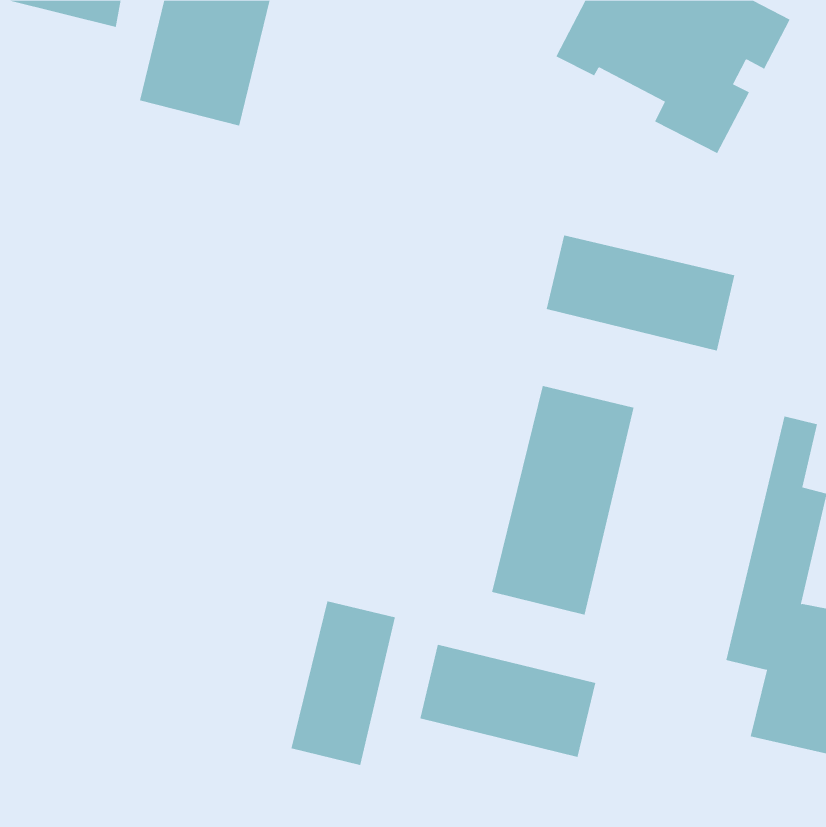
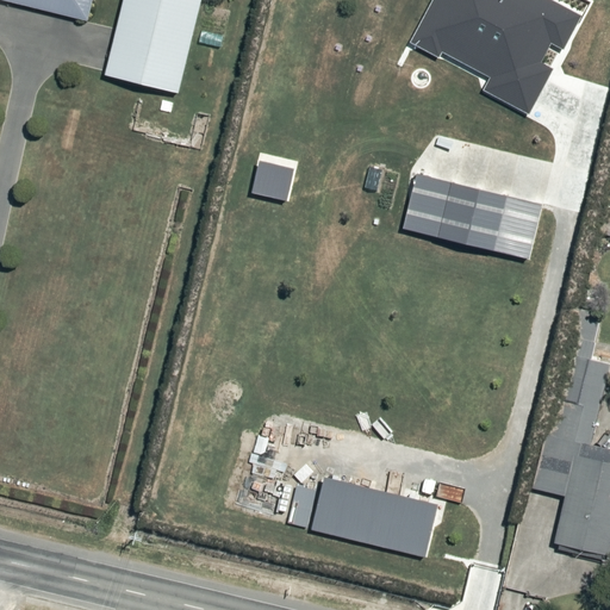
building: none -> [250,158,294,200]
building: [492,385,634,616] -> none
building: [291,600,396,766] -> none

